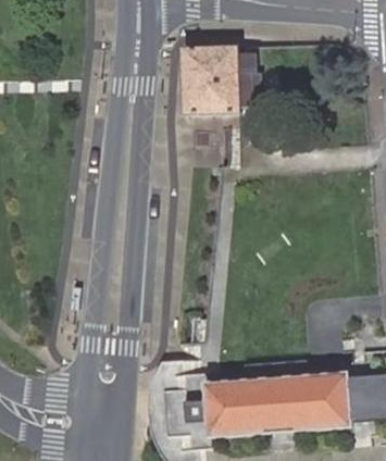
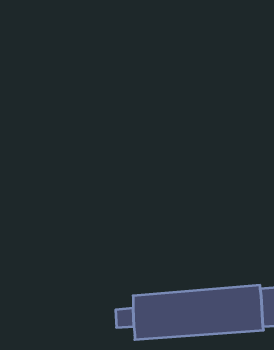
building: [183,48,266,116] -> none

